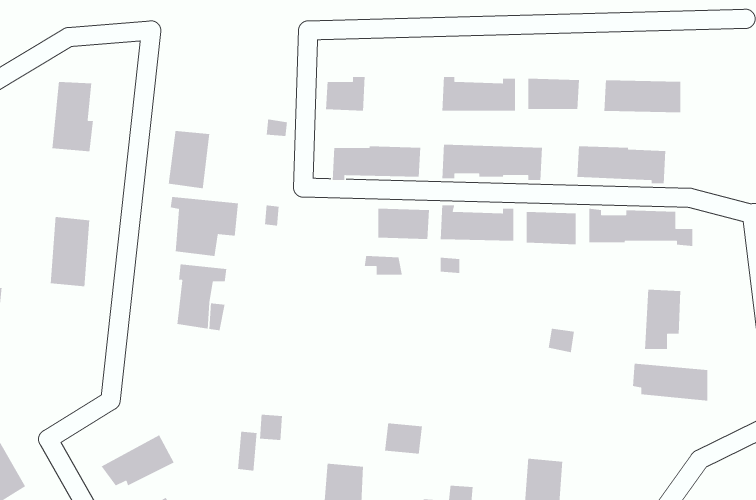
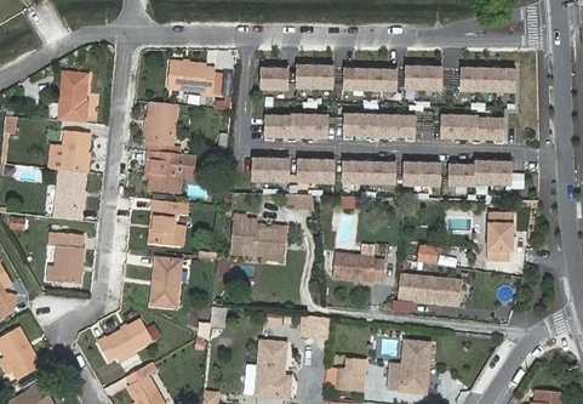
building: none -> [166,66,215,98]
building: none -> [293,66,331,89]
building: none -> [63,127,93,169]
building: none -> [250,159,287,182]
building: none -> [233,215,286,255]
building: none -> [51,227,87,281]
building: none -> [333,249,385,278]
building: none -> [150,261,179,309]
building: [632,363,708,402] -> [400,272,455,300]

